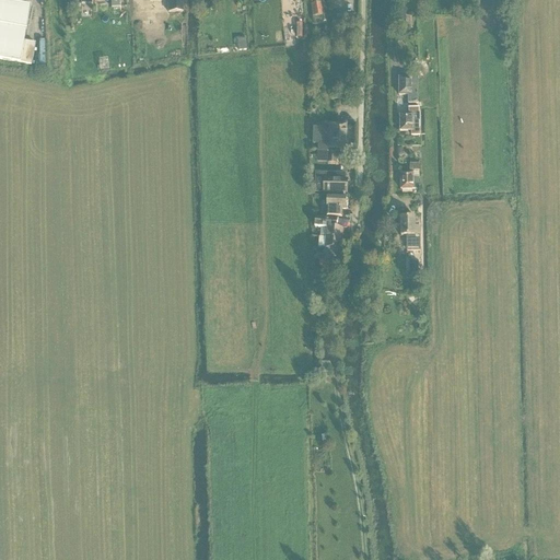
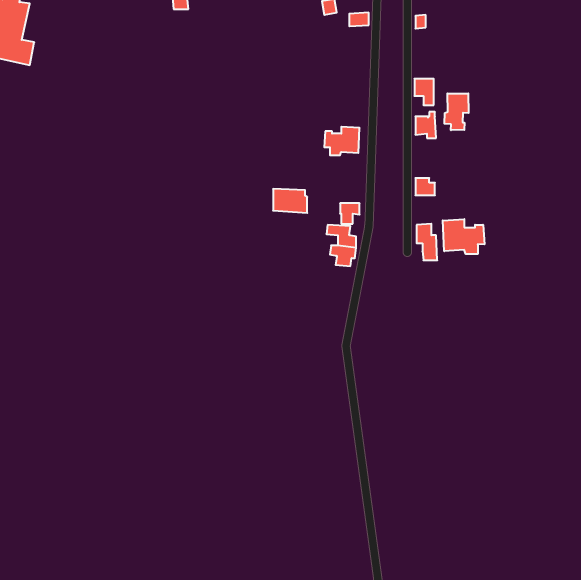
building: none -> [444,93,469,130]
building: [313,168,346,191] -> [273,189,307,213]
building: none -> [443,219,484,254]

